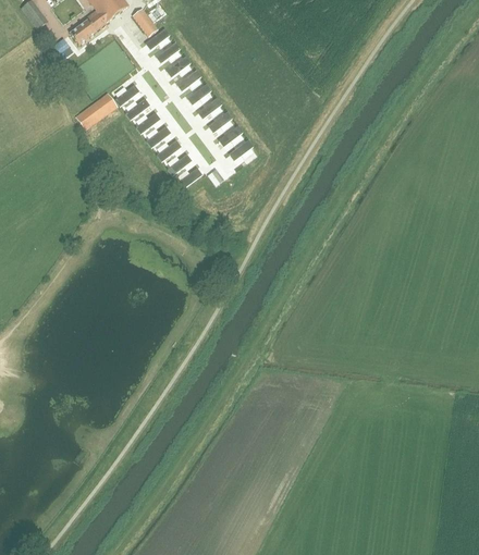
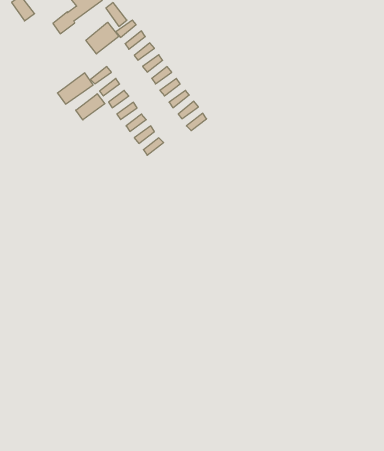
building: none -> [86,22,119,54]
building: none -> [76,94,105,120]

